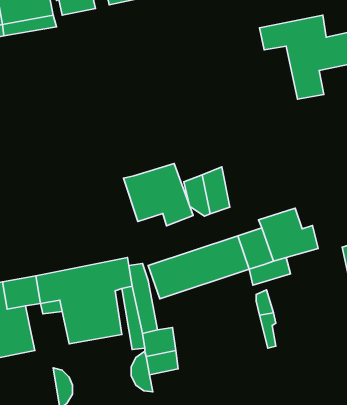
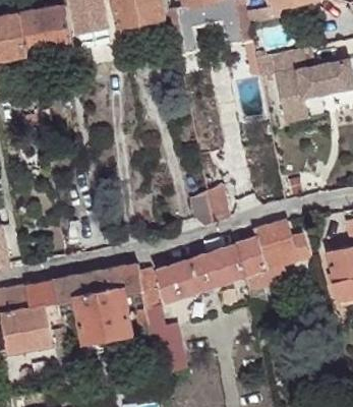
building: [123,164,193,226] -> none

